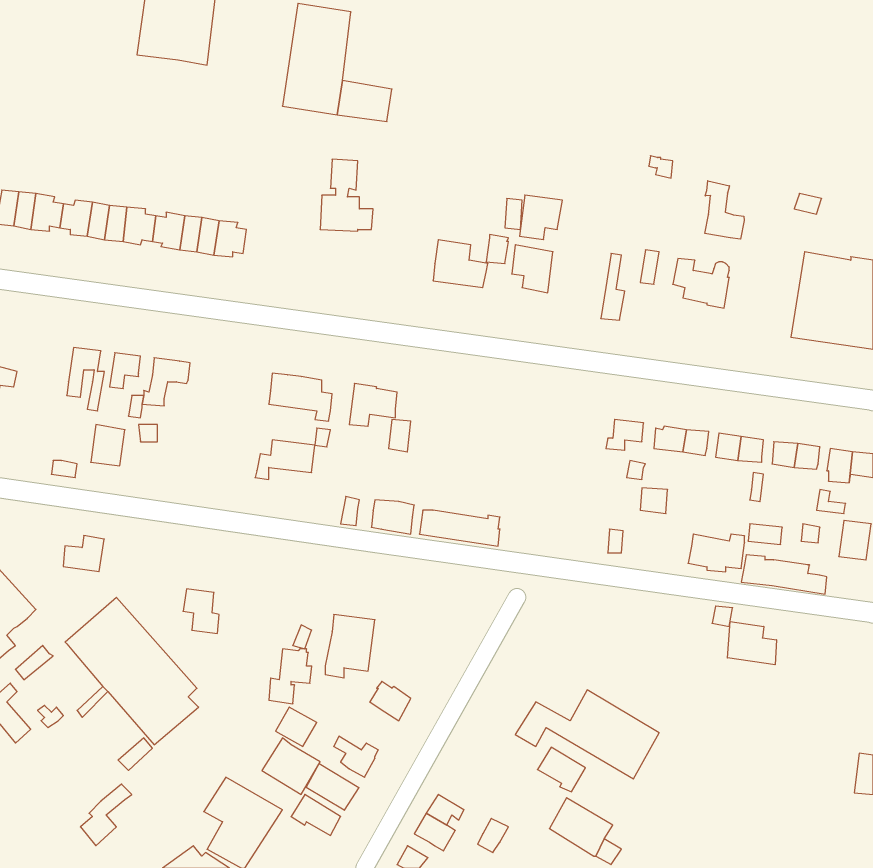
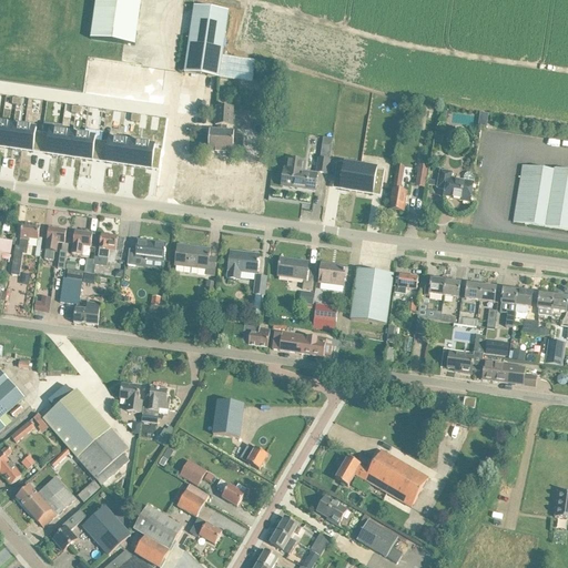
building: [705,181,744,239] -> none
building: [520,195,562,240] -> [355,163,383,192]
building: none -> [10,221,41,273]
building: none -> [277,255,313,286]
building: none -> [317,261,345,283]
building: none -> [349,266,392,322]
building: [255,440,315,479] -> [125,237,164,263]
building: none -> [312,301,336,328]
building: [63,536,104,572] -> [73,300,100,323]
building: [727,621,776,665] -> none
building: [269,649,312,704] -> [141,385,169,420]
building: none -> [16,475,74,525]
building: [537,747,585,792] -> [315,494,346,523]
building: [306,763,359,810] -> none
building: none -> [81,503,130,552]

